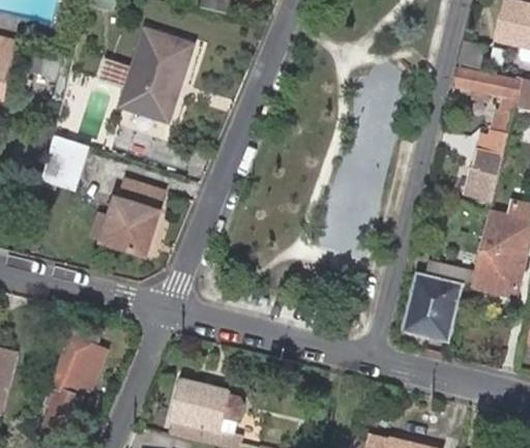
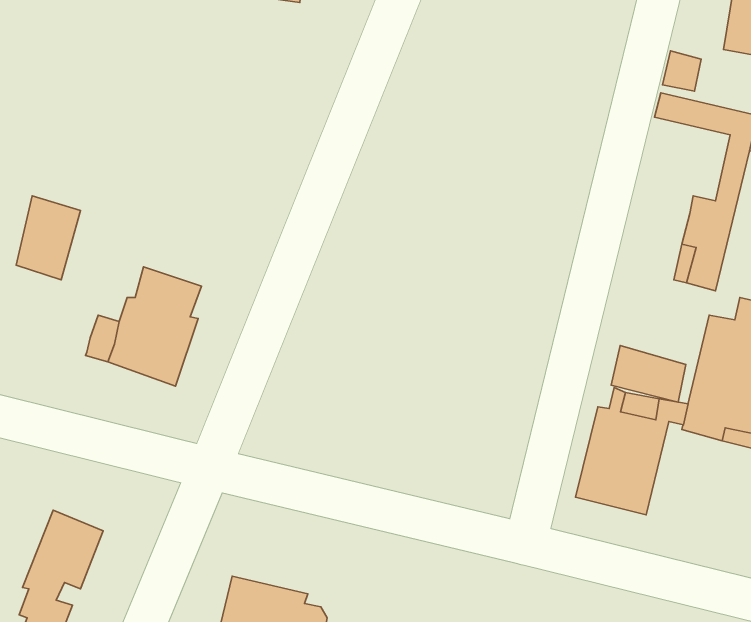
building: [98,28,190,119] -> none
building: none -> [611,346,686,402]

